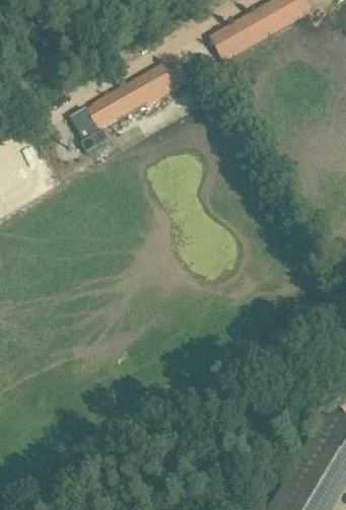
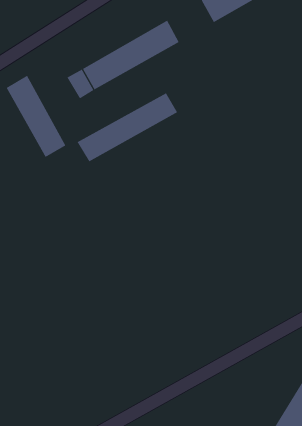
building: none -> [6,75,66,158]
building: none -> [77,93,178,162]

